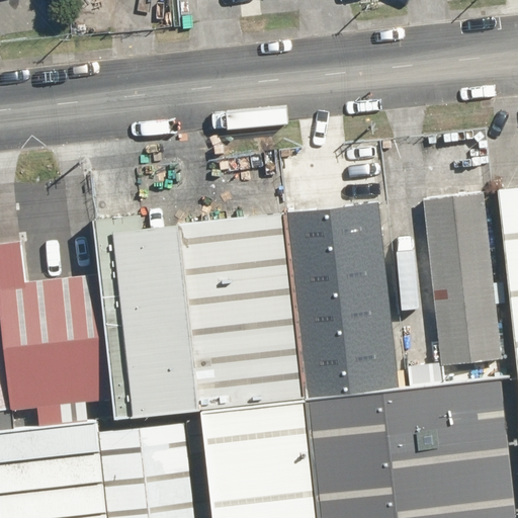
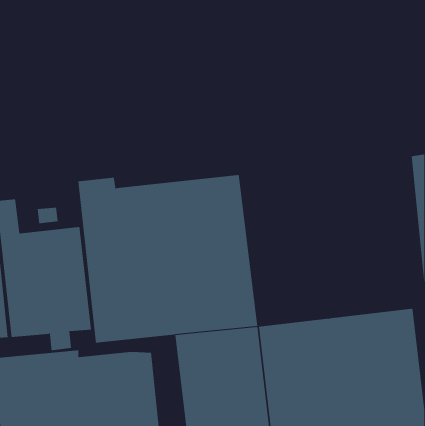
building: [423,193,501,365] -> none
building: [290,205,399,397] -> none

